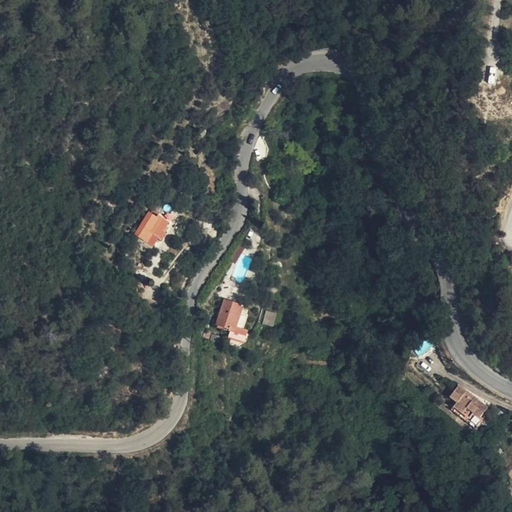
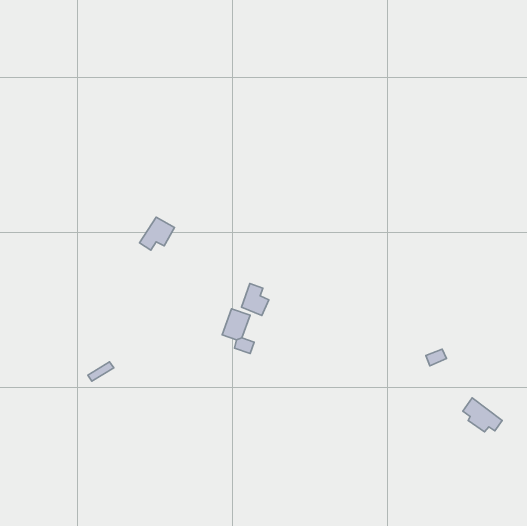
building: none -> [241,284,269,316]

